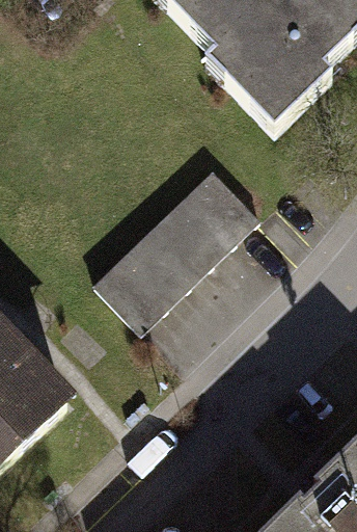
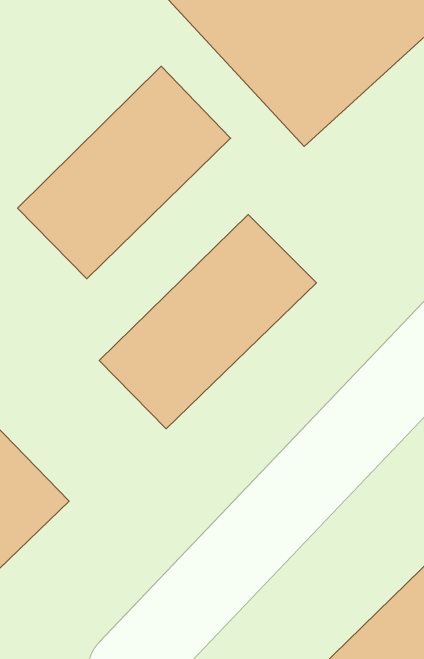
building: none -> [18,66,231,279]

